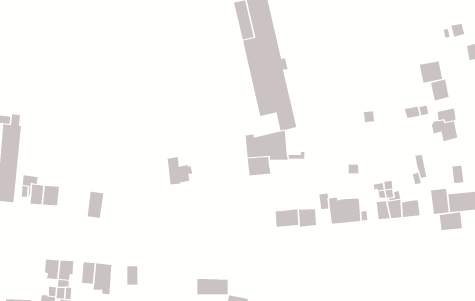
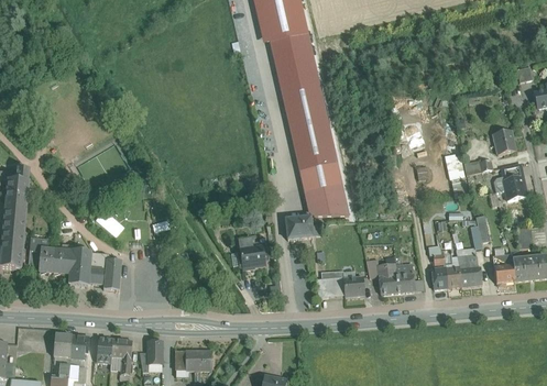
building: [419,60,443,83] -> none
building: [167,157,193,185] -> [239,236,269,268]
building: none -> [69,250,103,285]
building: [439,212,462,231] -> none
building: [196,278,228,295] -> [175,350,211,368]

